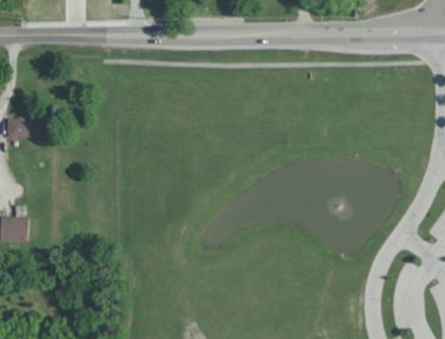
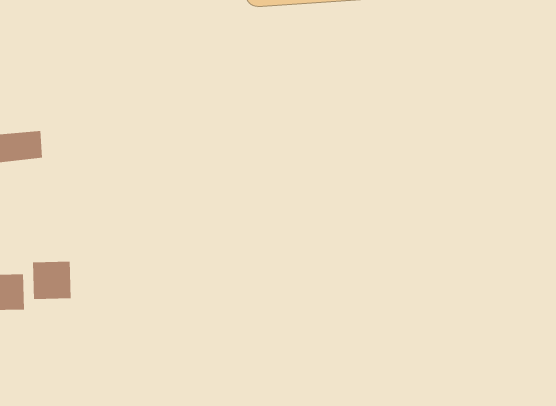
building: none -> [32,261,71,300]

